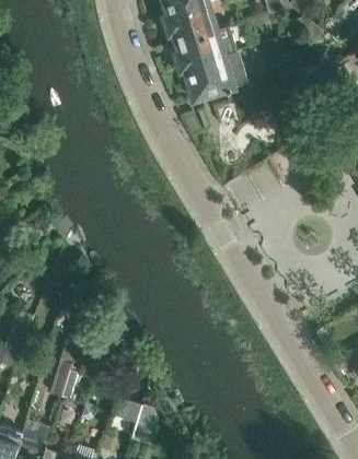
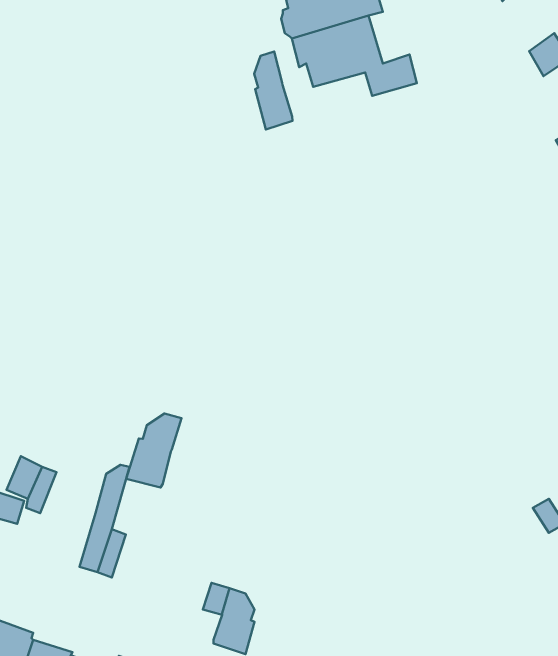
building: none -> [254,51,293,129]
building: none -> [126,414,182,488]

